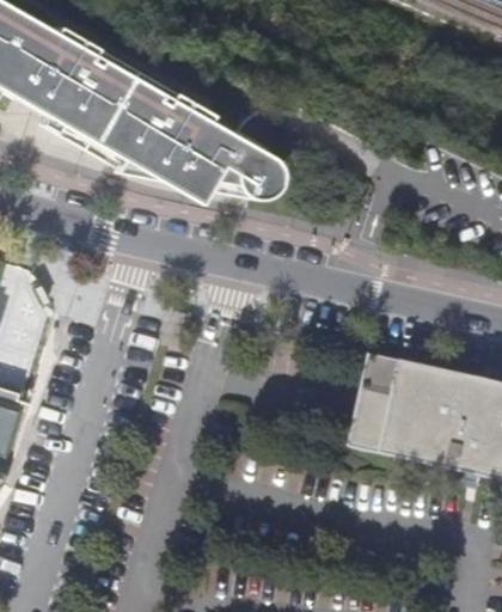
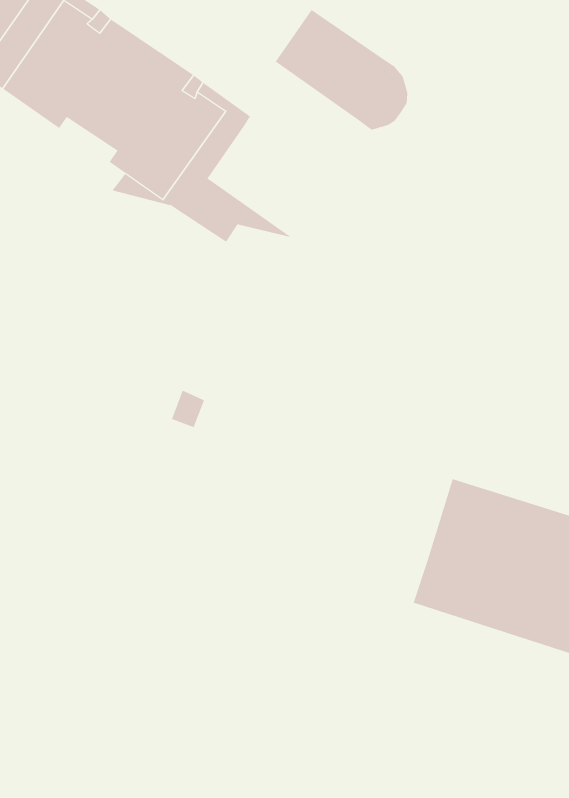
building: [177,116,274,198] -> [275,9,408,130]

